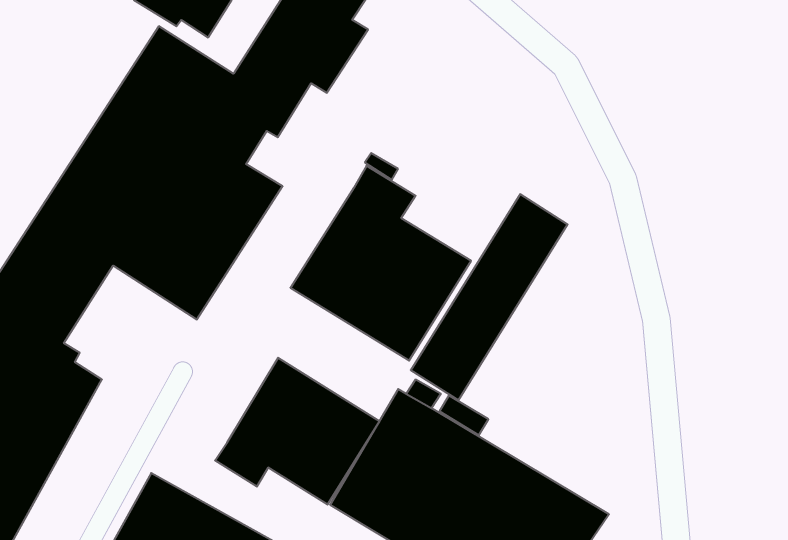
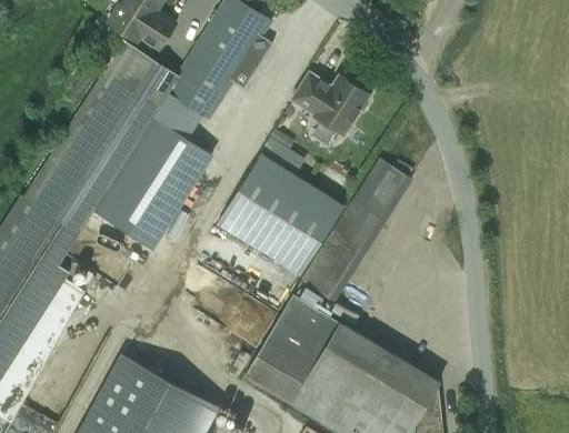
building: none -> [291,73,368,134]
building: [215,358,379,505] -> none

